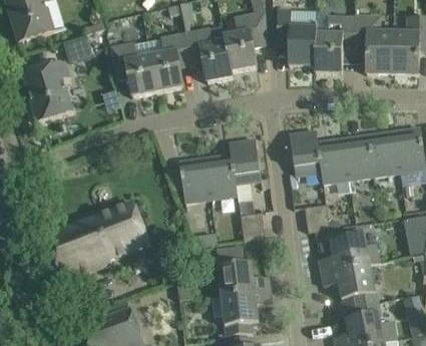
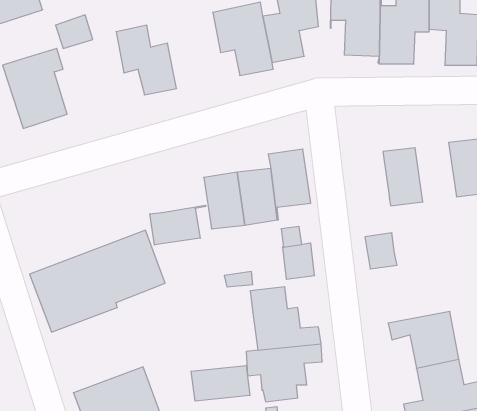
building: [150,32,191,91] -> none
building: [290,129,324,184] -> none
building: [343,133,375,180] -> none
building: none -> [150,205,206,245]
building: [319,228,380,274] -> none
building: none -> [191,365,250,401]

